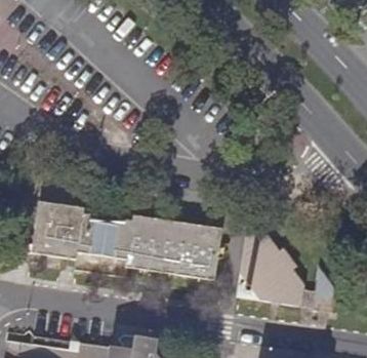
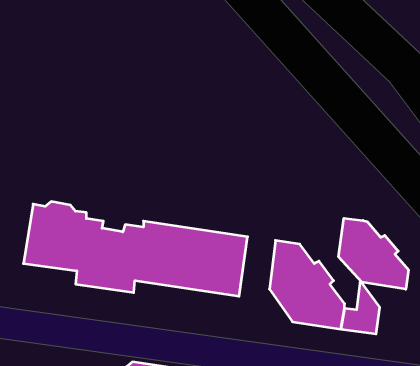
building: none -> [339,218,408,289]

